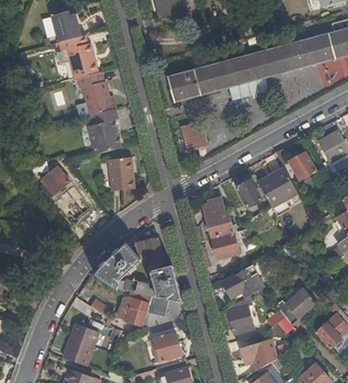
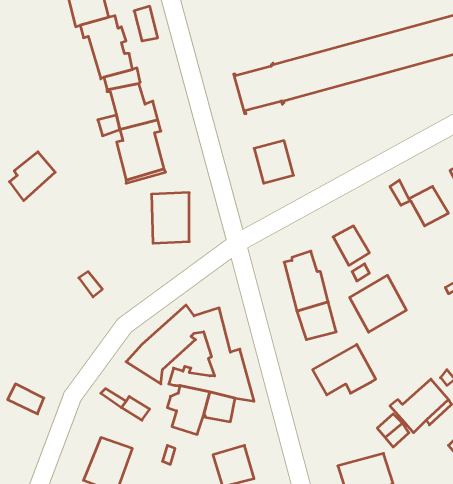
building: [37,166,69,200] -> [9,152,55,201]
building: [258,168,298,207] -> [350,275,406,332]
building: [227,300,252,331] -> none

